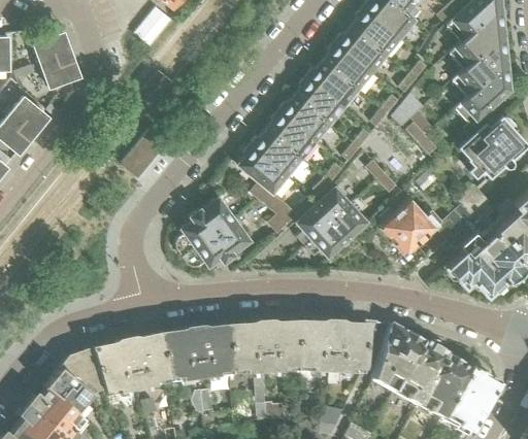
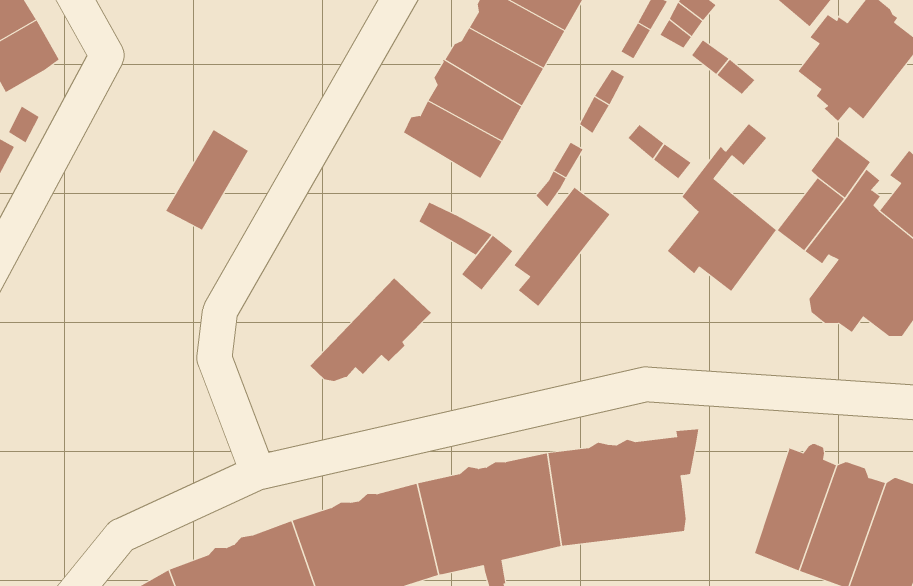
building: [238,142,288,191] -> none
building: [176,196,234,255] -> none
building: [306,203,367,255] -> none
building: [373,323,423,391] -> none

